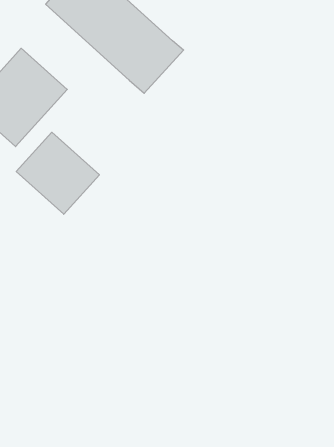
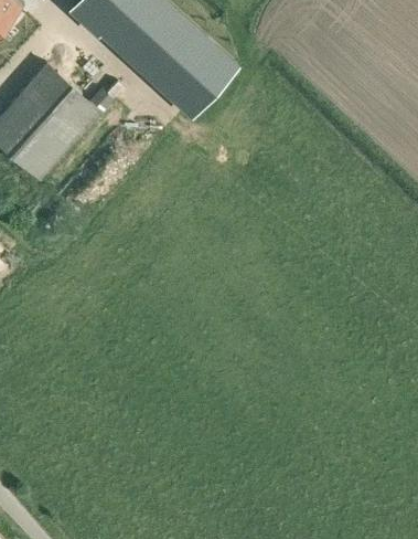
building: [16,132,99,214] -> none

